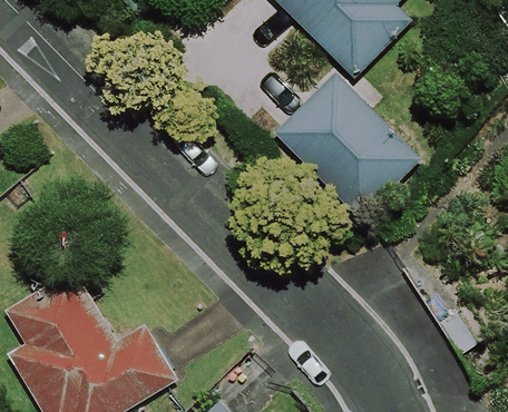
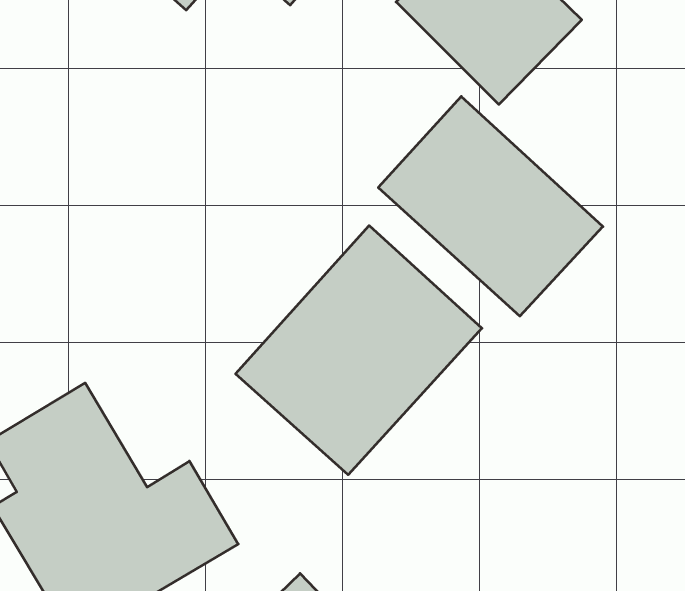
building: none -> [236,226,482,475]

